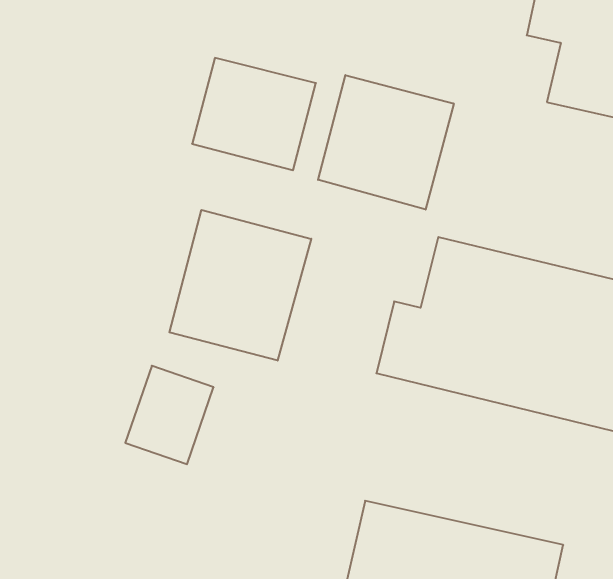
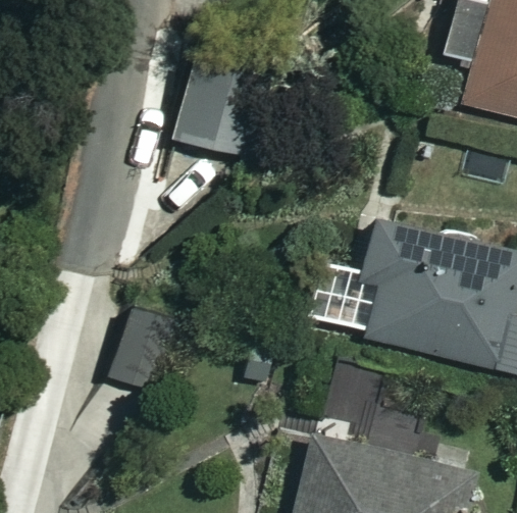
building: [318,75,454,210] -> none
building: [169,210,311,361] -> none

